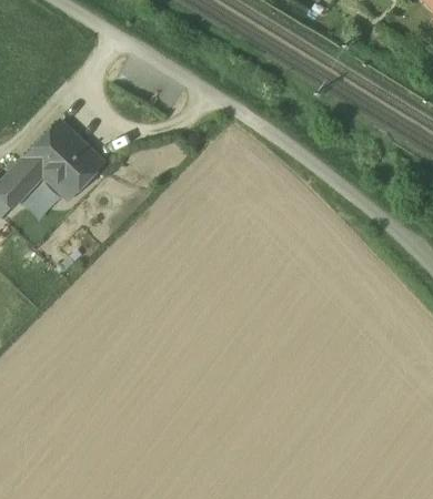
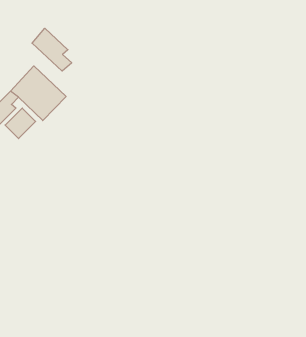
building: none -> [32,28,72,71]

